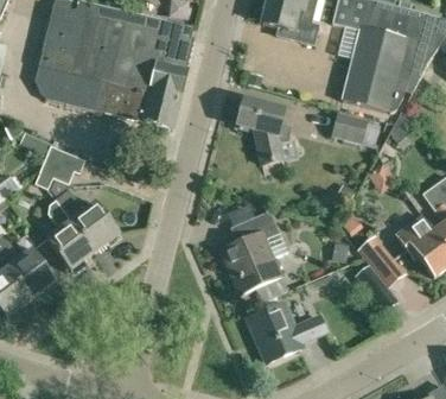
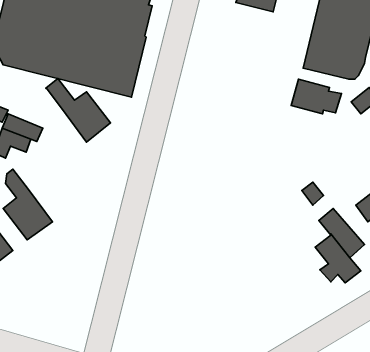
building: [236,97,293,164] -> none
building: [55,189,119,252] -> [46,78,111,142]
building: [218,213,282,297] -> none
building: [249,304,316,362] -> none

